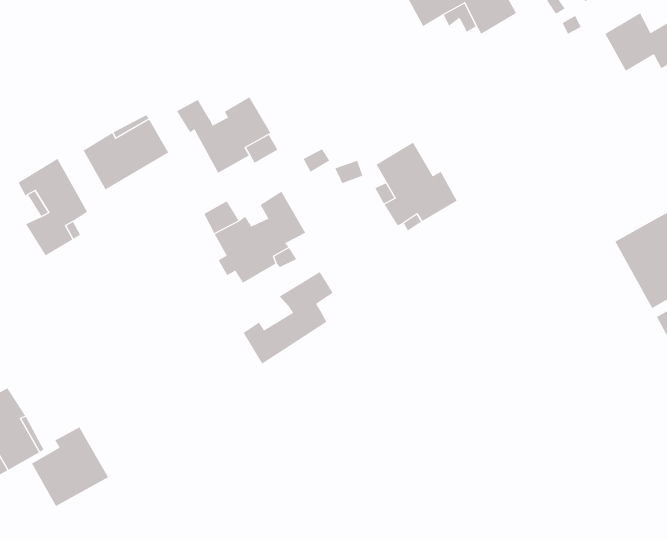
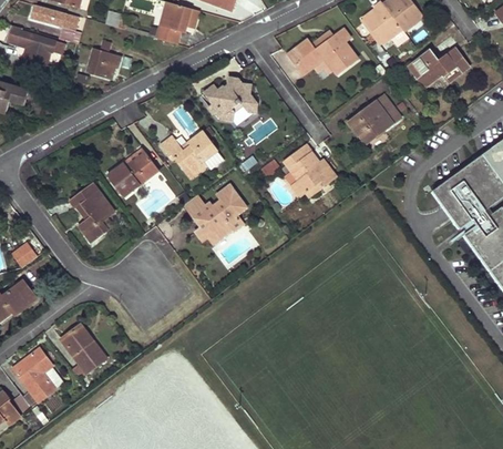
building: none -> [204,76,257,118]
building: none -> [349,95,400,143]
building: [243,271,333,365] -> none
building: [31,427,109,507] -> none

